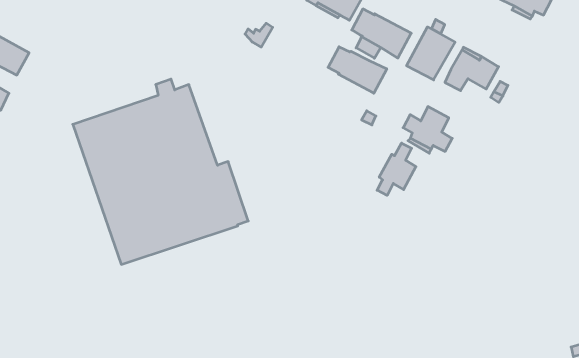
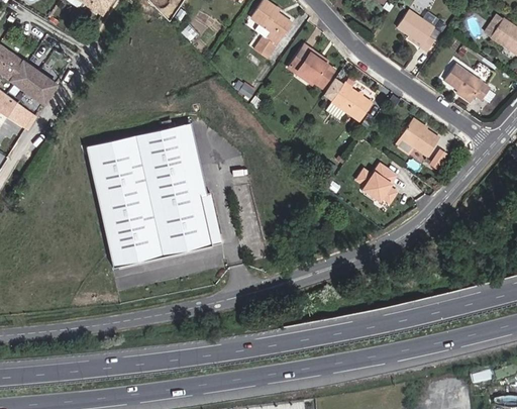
building: [407,27,455,80] -> none
building: [328,47,387,93] -> none
building: [377,143,416,195] -> none

